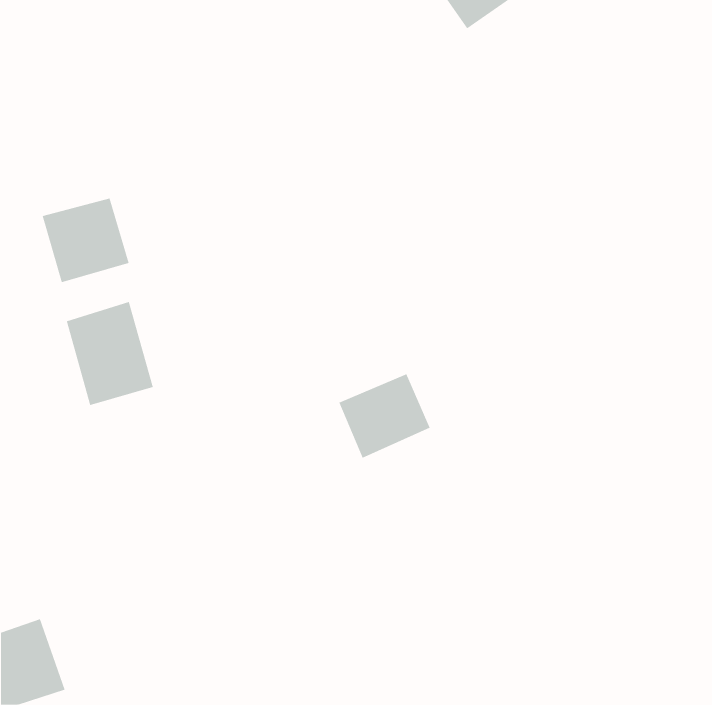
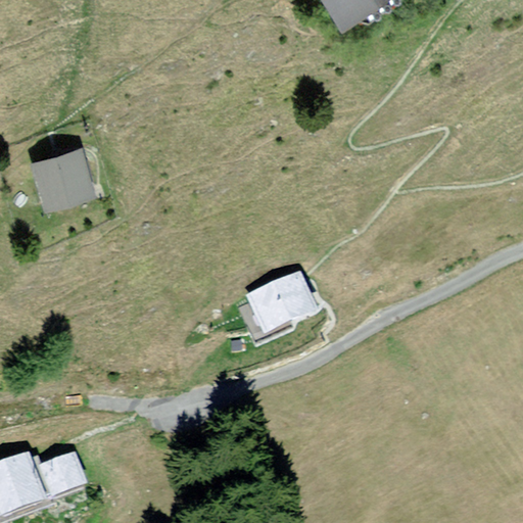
building: [66,301,154,406] -> none
building: none -> [40,450,87,497]

